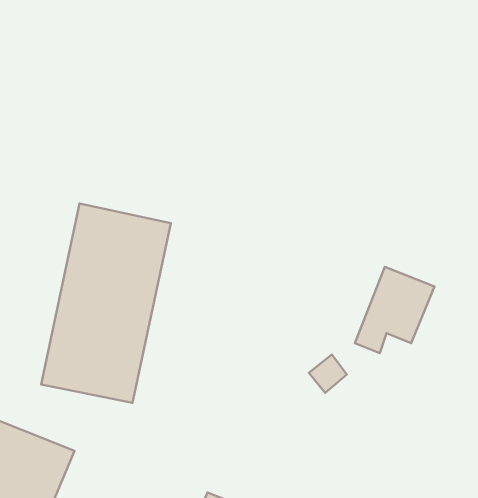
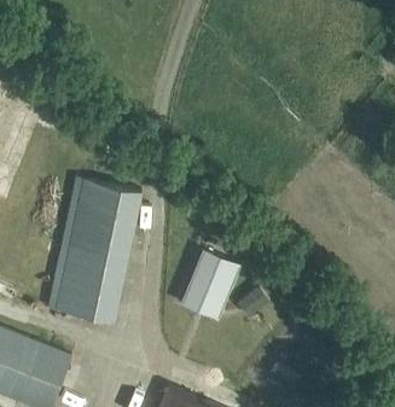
building: [355,267,435,353] -> [181,250,239,313]

